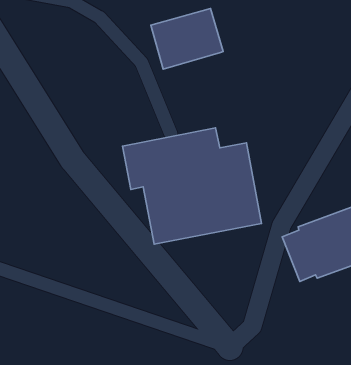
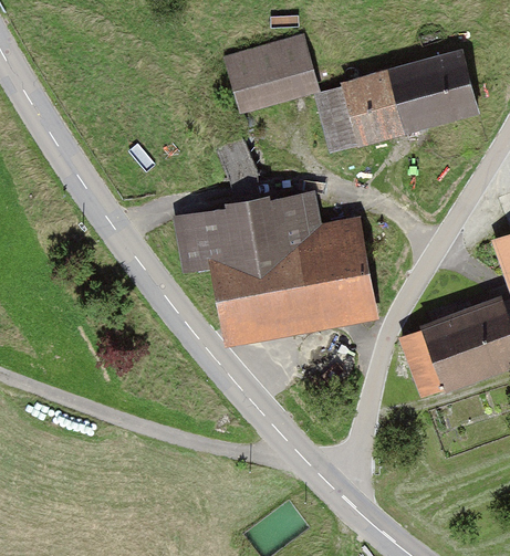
building: none -> [316,46,482,151]

